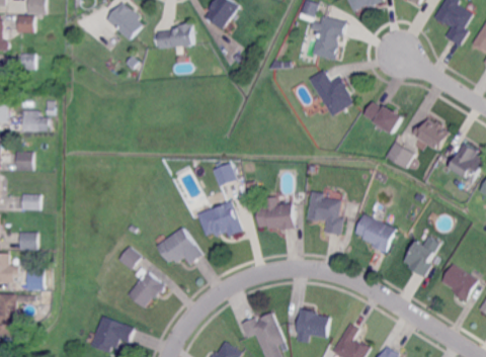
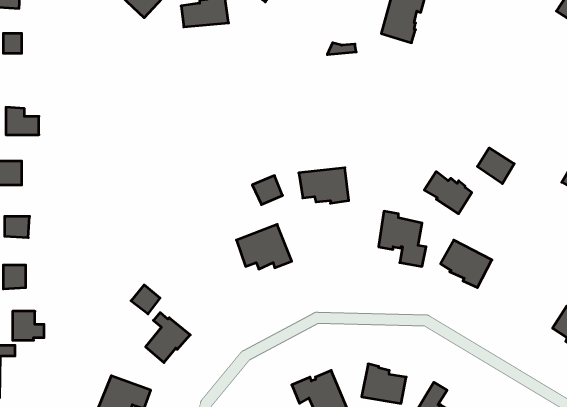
building: [308,70,352,116] -> none
building: [364,101,401,133] -> [424,172,472,214]
building: [411,118,449,151] -> none
building: [256,201,295,229] -> [299,168,349,203]
building: [155,227,200,263] -> none
building: [405,240,433,275] -> none

